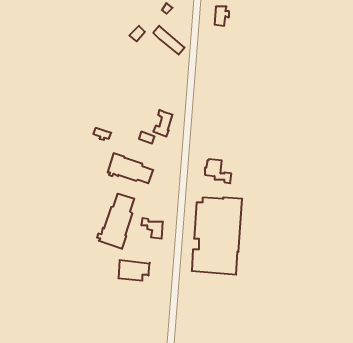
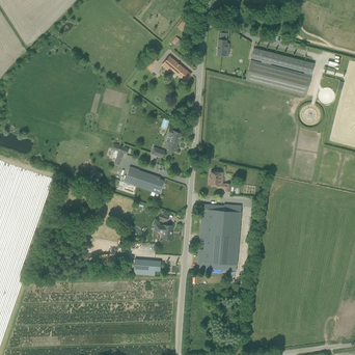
building: none -> [245,47,315,94]
building: [97,194,134,249] -> none

